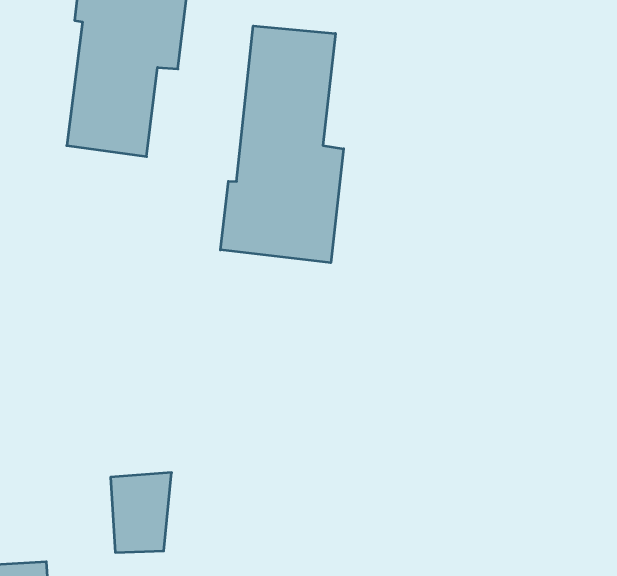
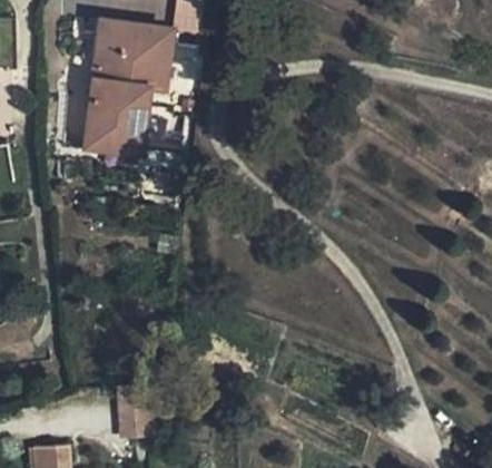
building: [220,26,344,263] -> none

